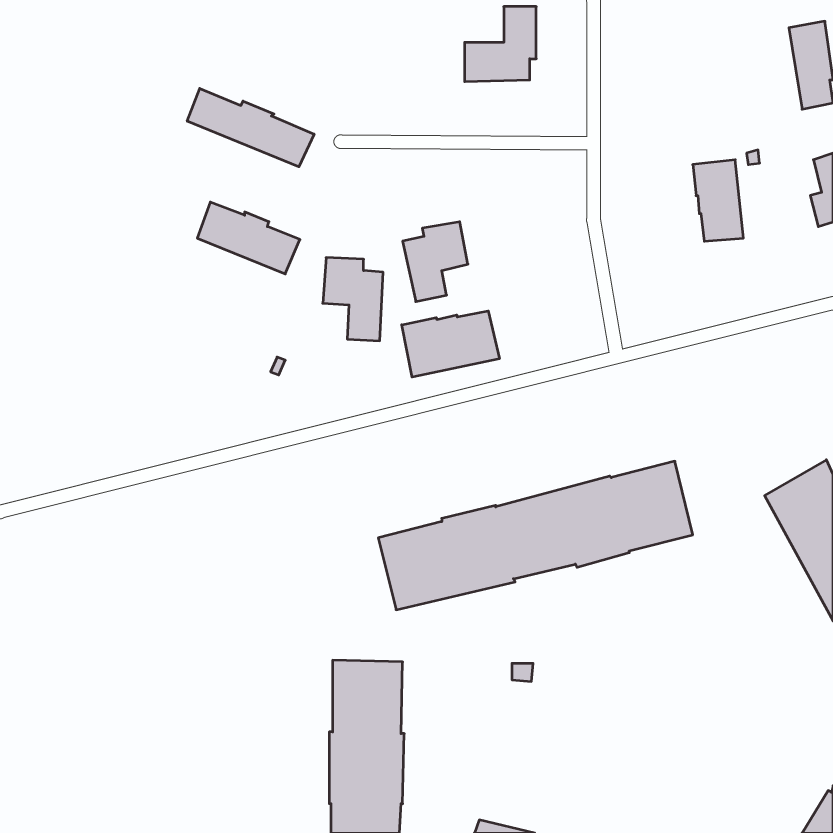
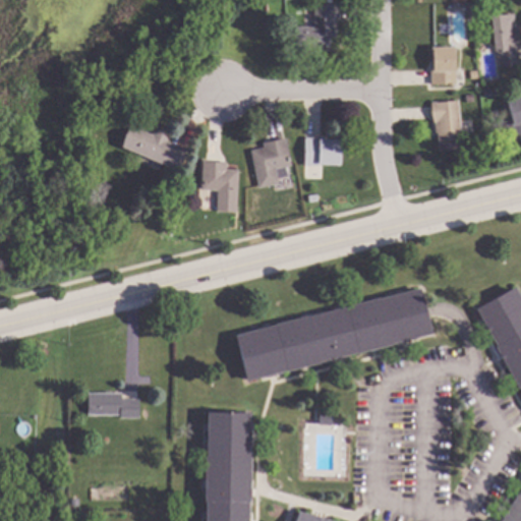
building: none -> [430,46,457,84]
building: [187,88,314,167] -> none
building: none -> [305,137,340,167]
building: [402,311,499,377] -> none
building: none -> [89,393,140,418]

